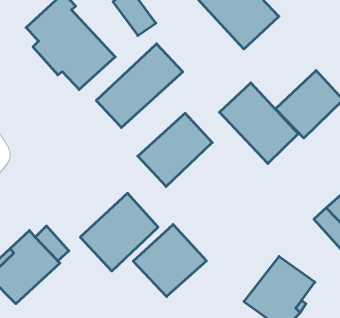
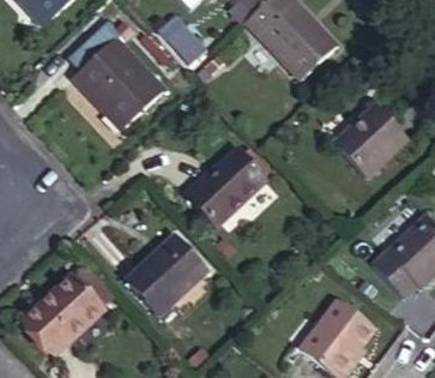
building: [96,44,183,128] -> none
building: [219,83,298,164] -> none
building: [133,224,206,297] -> none

